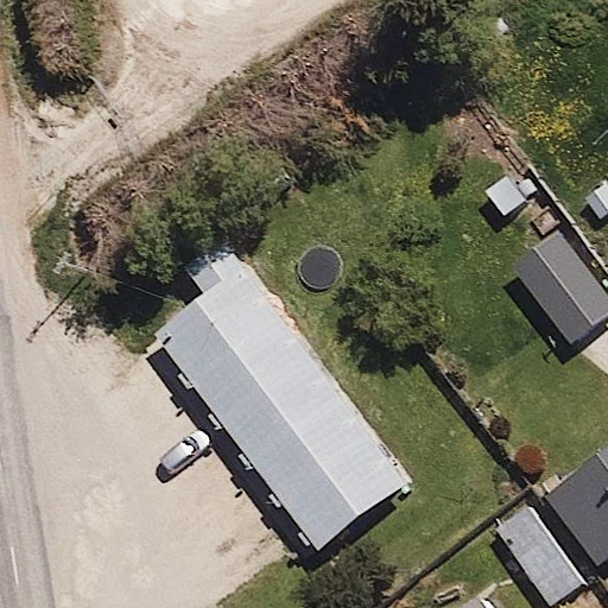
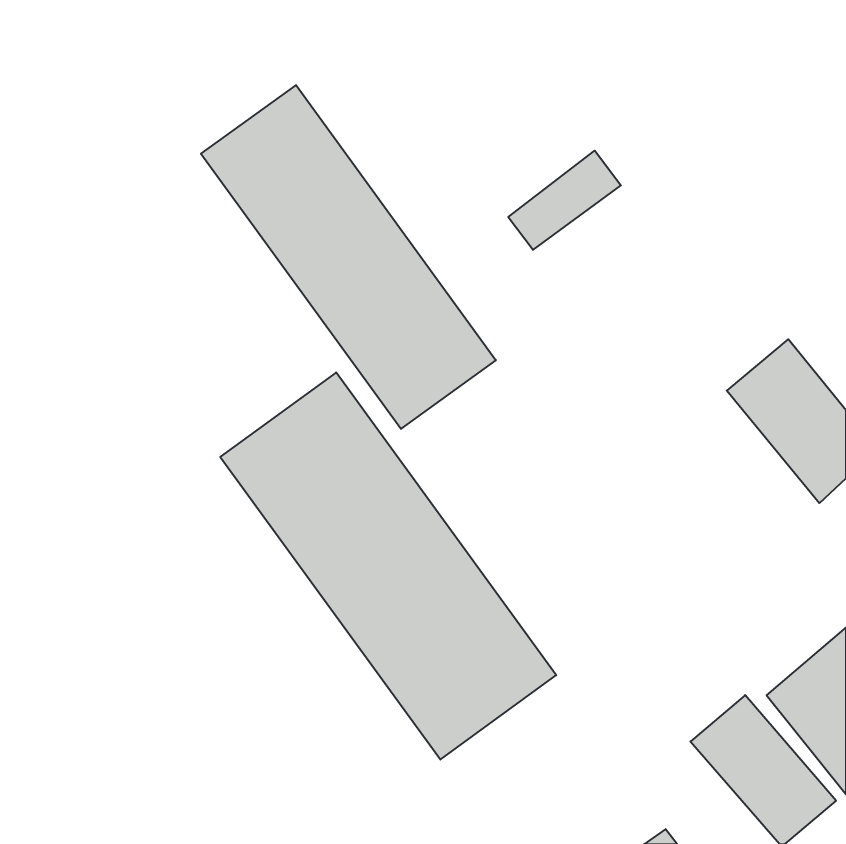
building: none -> [201,85,496,429]

